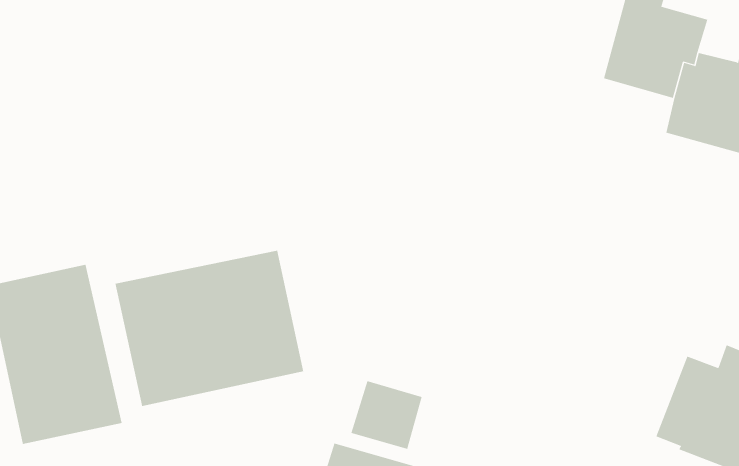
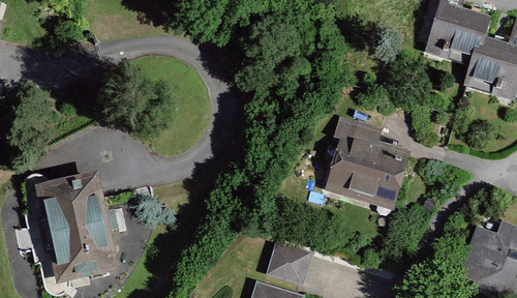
building: none -> [324,116,410,210]
building: [115,250,304,407] -> none

